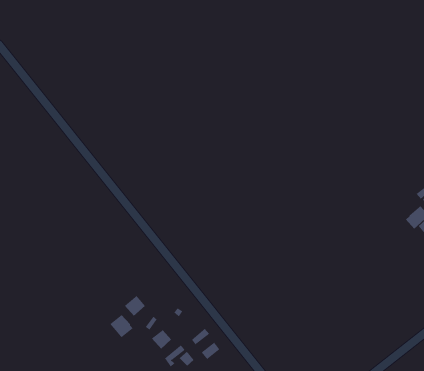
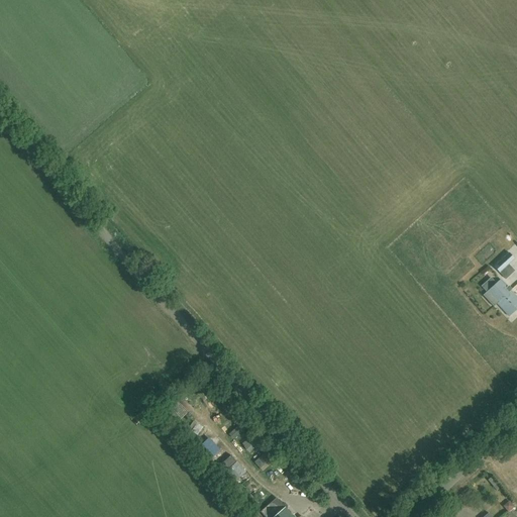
building: [110,314,133,338] -> none

